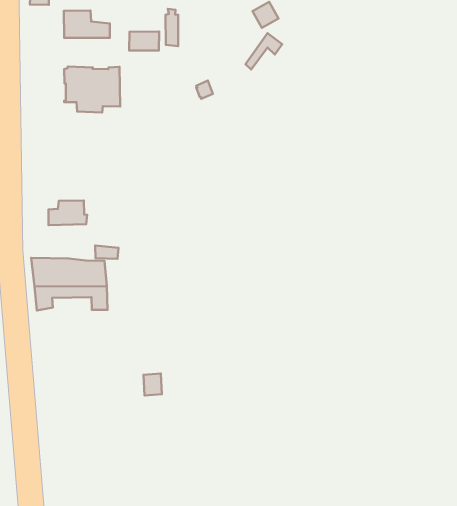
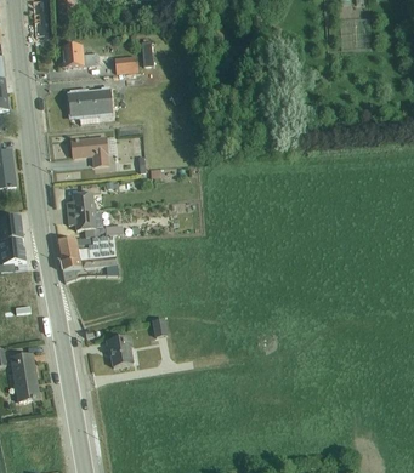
building: none -> [72,137,114,166]
building: none -> [67,210,98,238]
building: none -> [107,335,134,366]

